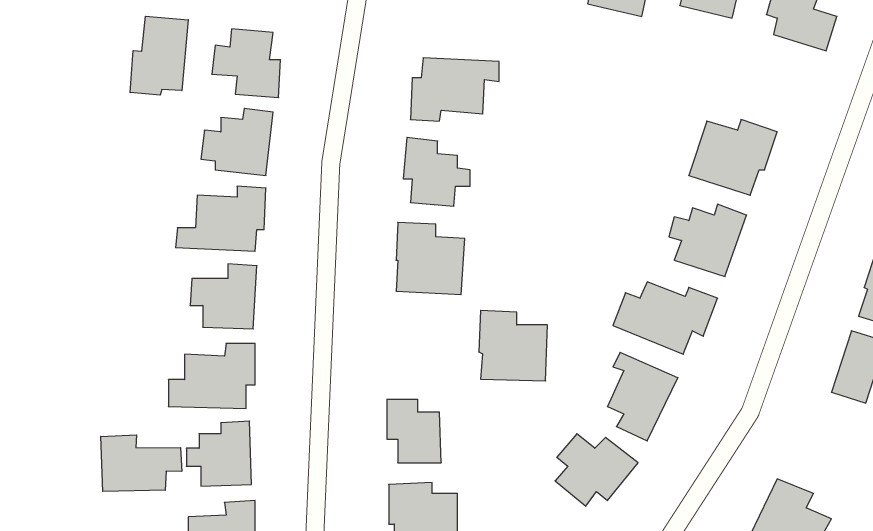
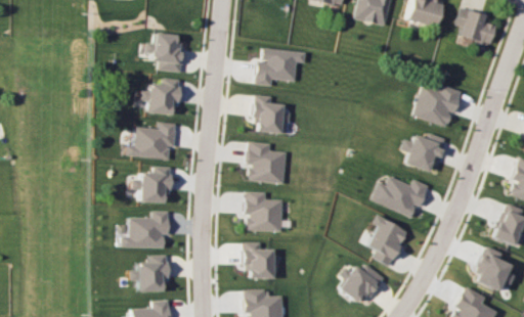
building: [130,16,188,95] -> none
building: [479,310,547,381] -> [245,191,283,231]
building: none -> [473,246,514,291]
building: [101,435,182,491] -> none

